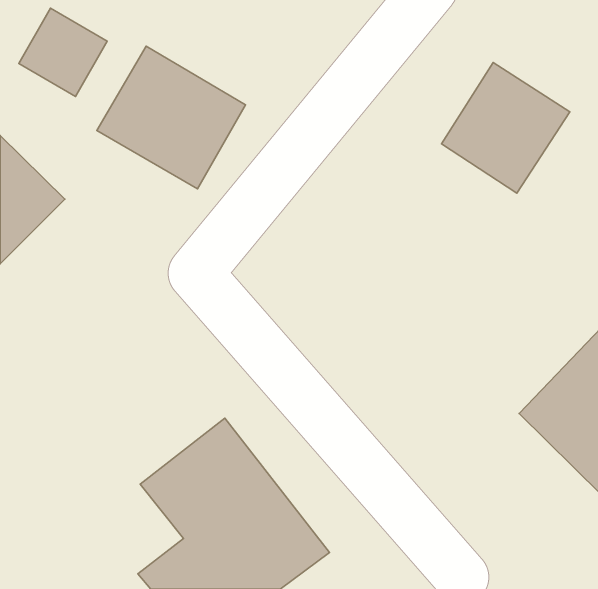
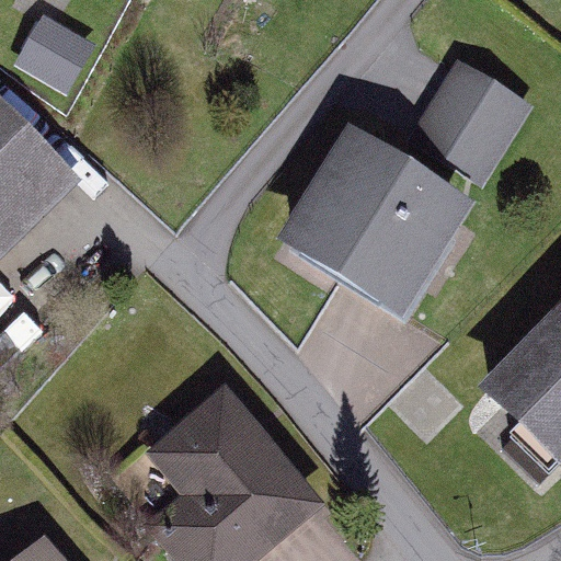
building: [97,46,245,189] -> none
building: none -> [278,129,476,320]

